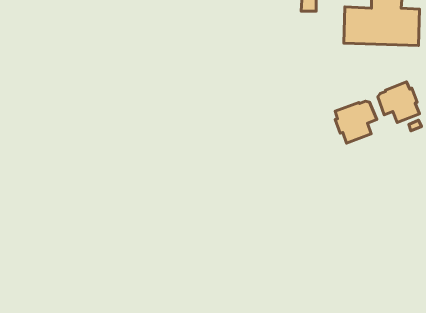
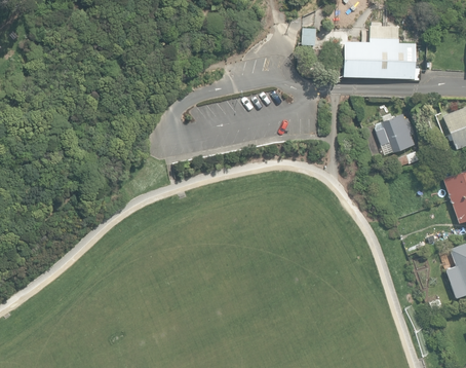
building: [335,101,377,143] -> none

